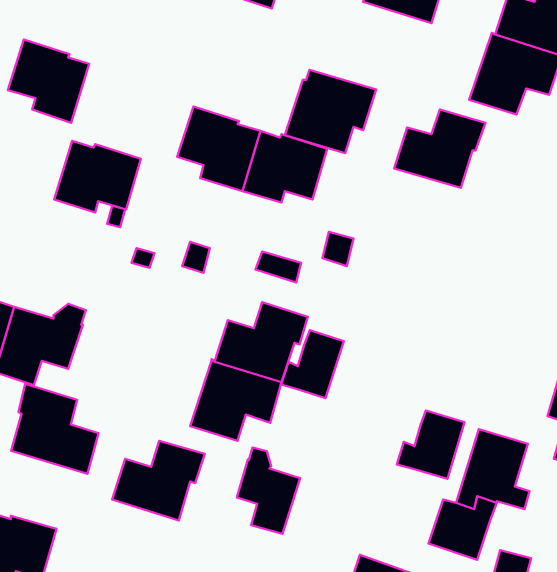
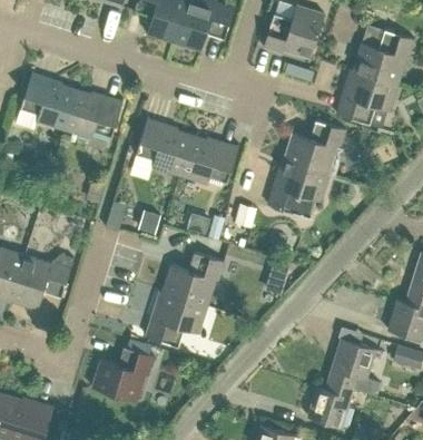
building: [285,70,376,153] -> [267,159,329,216]
building: [54,141,141,213] -> [63,88,122,137]
building: [281,330,344,398] -> none
building: [11,384,99,474] -> none
building: [397,410,464,479] -> none
building: [237,447,300,534] -> none

